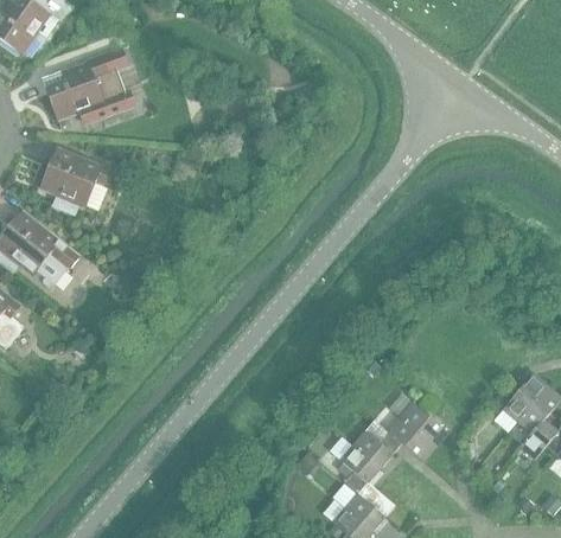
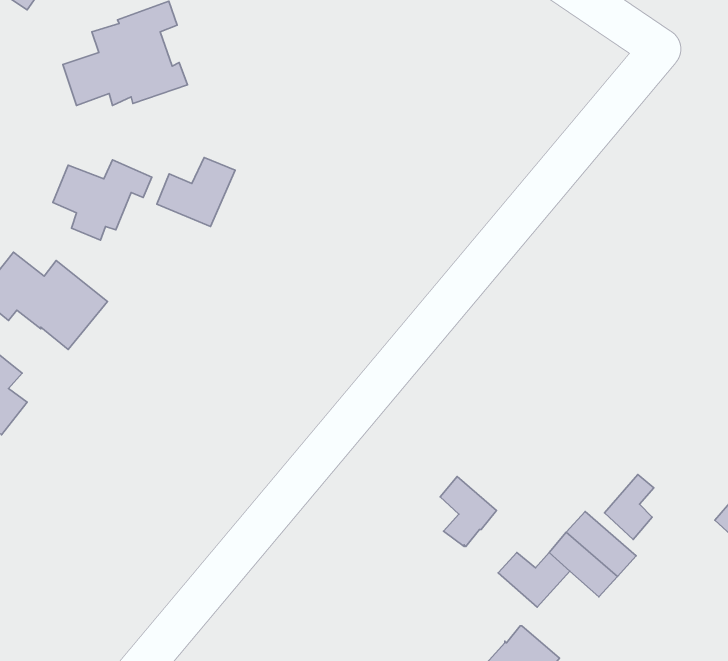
building: none -> [157,158,235,226]
building: none -> [604,474,654,539]
building: [338,443,377,492] -> [440,477,496,546]

